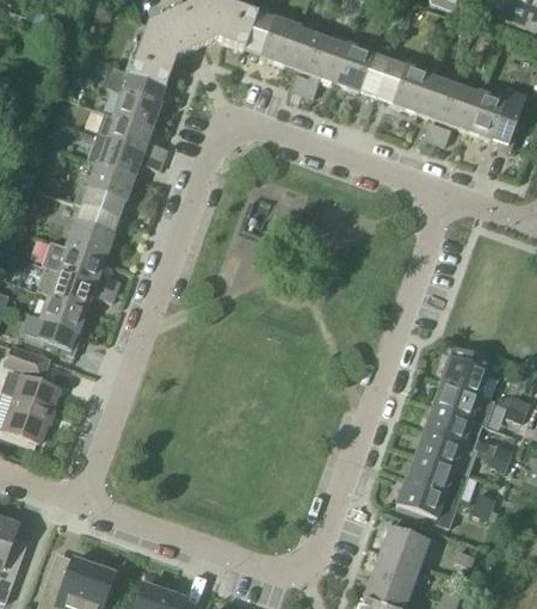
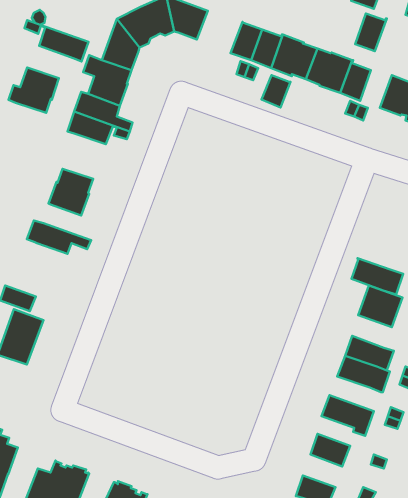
building: [245,13,300,64] -> none
building: none -> [24,20,89,62]
building: [442,85,480,130] -> [355,13,387,51]
building: none -> [261,75,290,108]
building: [74,161,135,216] -> [8,67,59,113]
building: [43,241,121,290] -> none
building: [23,293,88,355] -> none
building: [432,381,494,425] -> [352,258,403,295]
building: [405,455,467,497] -> none
building: [372,549,420,589] -> none

